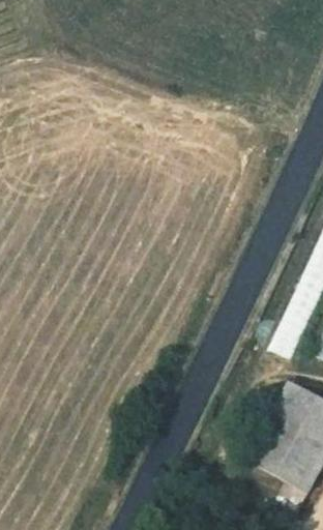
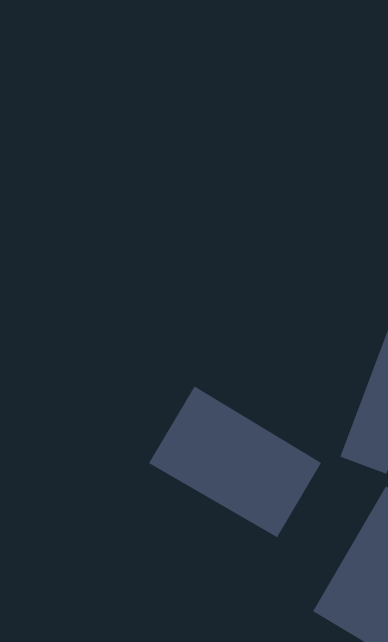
building: none -> [148,385,322,538]

